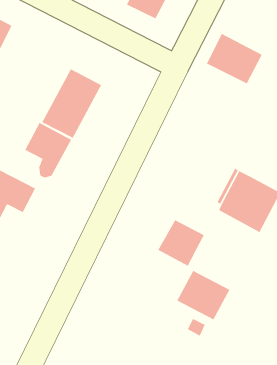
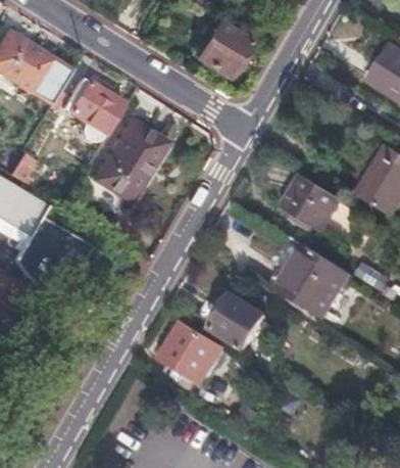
building: [206,33,263,84] -> [280,173,343,231]
building: [24,122,72,179] -> [67,82,120,144]
building: [176,270,230,321] -> [161,324,221,381]

